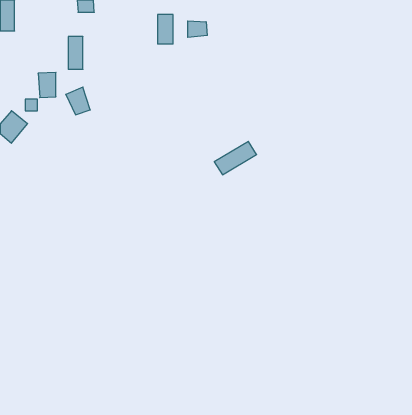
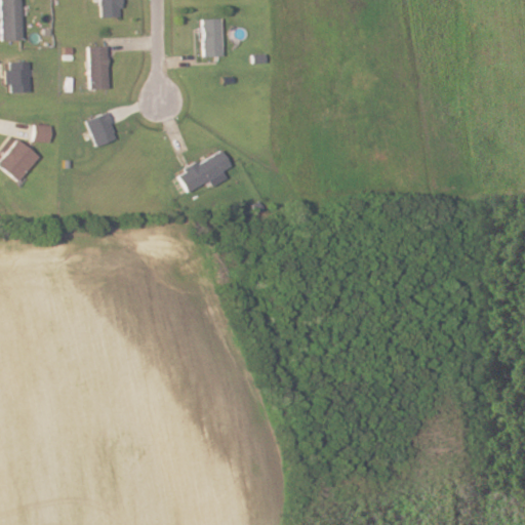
building: [188,21,207,37] -> none
building: [38,72,56,98] -> [8,59,31,91]
building: [214,141,257,175] -> [178,151,232,193]

